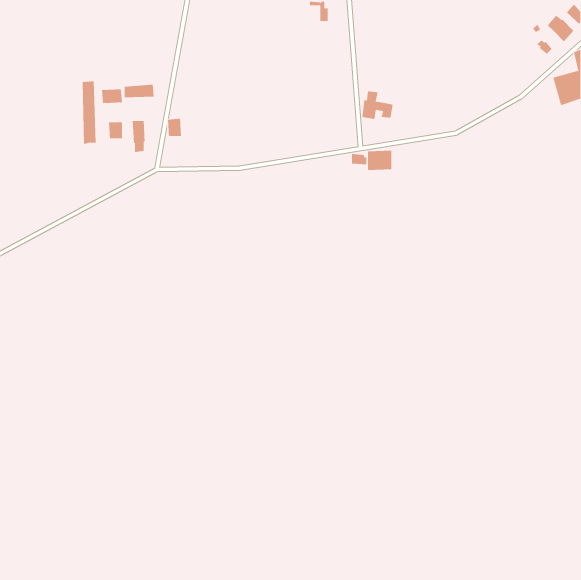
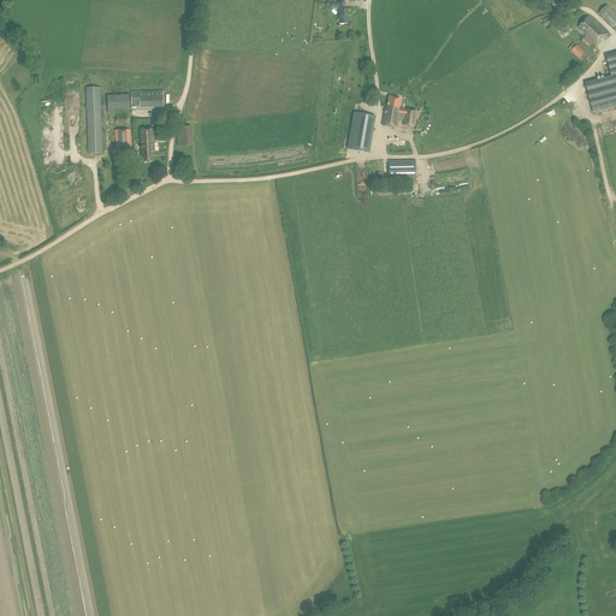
building: none -> [348,111,375,152]

